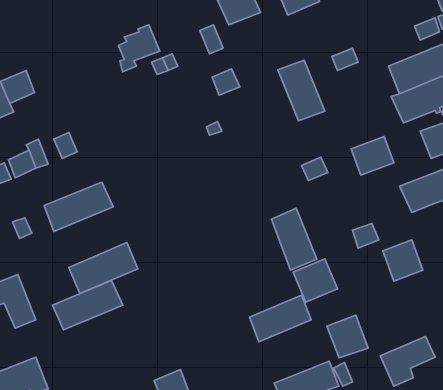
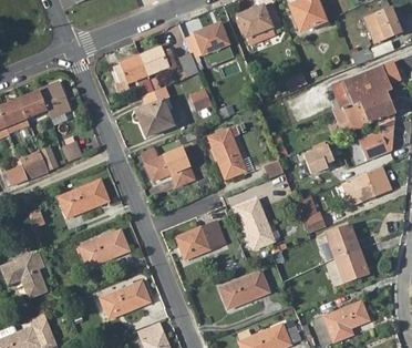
building: none -> [138,47,176,74]
building: none -> [39,81,69,125]
building: [278,60,325,121] -> [209,130,247,178]
building: none -> [134,99,178,135]
building: none -> [142,147,195,186]
building: none -> [176,224,218,259]
building: [293,259,338,302] -> none
building: [52,280,123,330] -> [95,280,152,320]
building: [327,315,368,358] -> [336,250,369,285]

